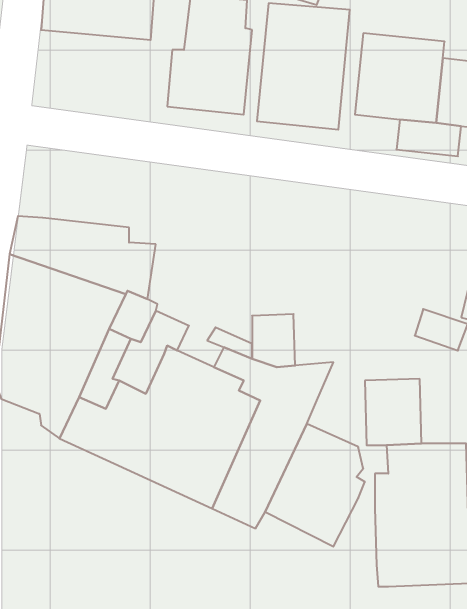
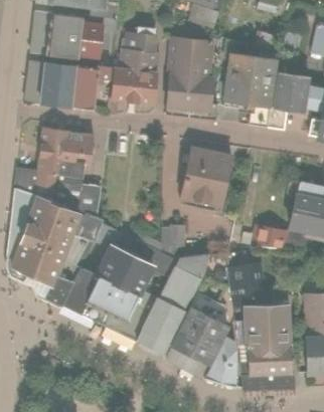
building: none -> [26,61,100,109]
building: none -> [33,123,95,173]
building: none -> [178,146,231,209]
building: none -> [203,337,236,390]

